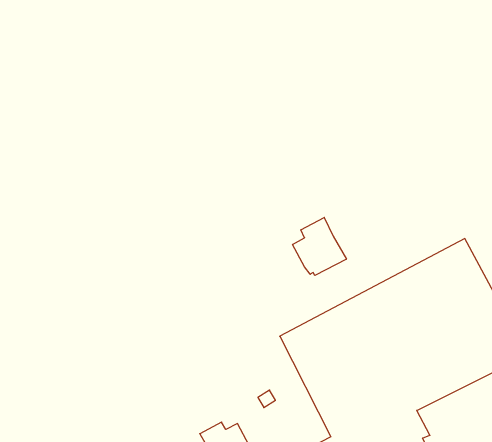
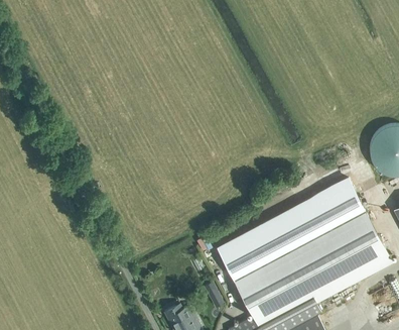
building: [293,217,346,275] -> none

